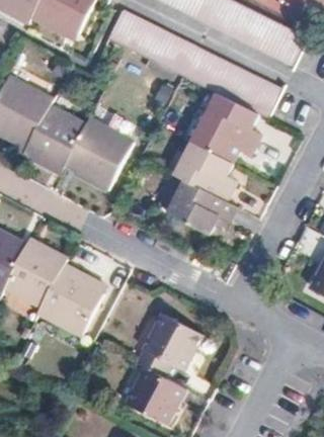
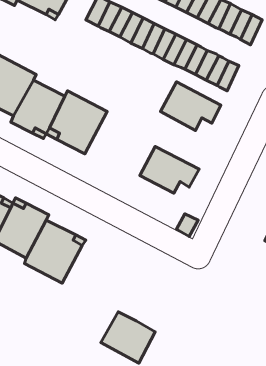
building: [174,141,235,200] -> none
building: [136,313,202,376] -> none

